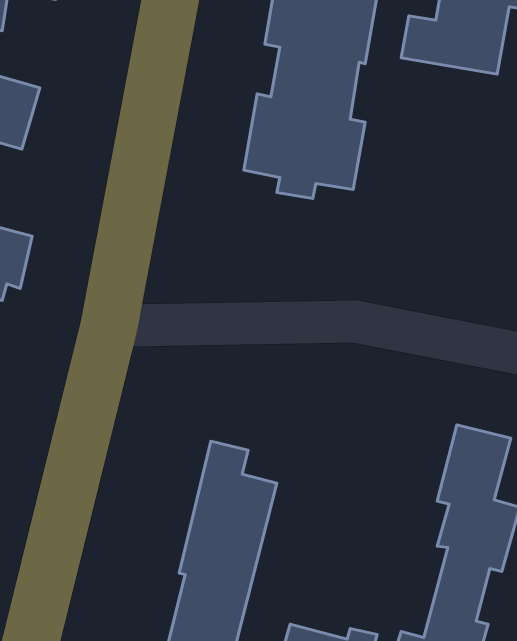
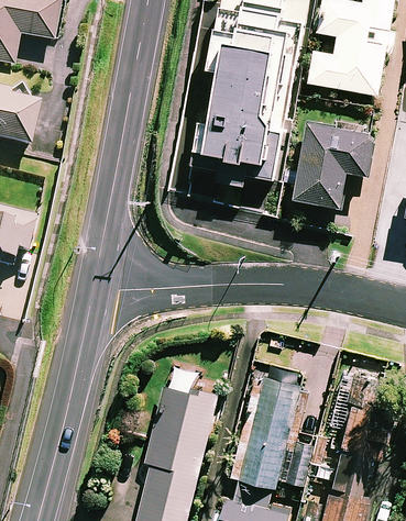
building: none -> [293,123,374,209]
building: none -> [232,378,315,487]

